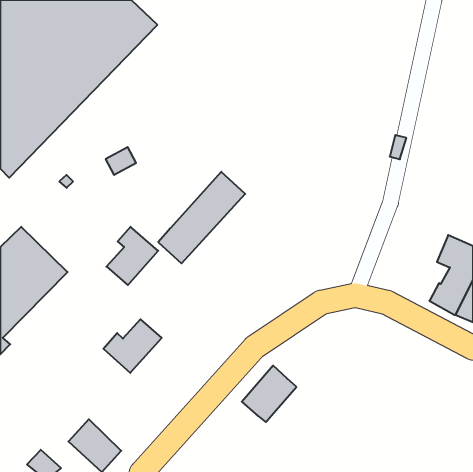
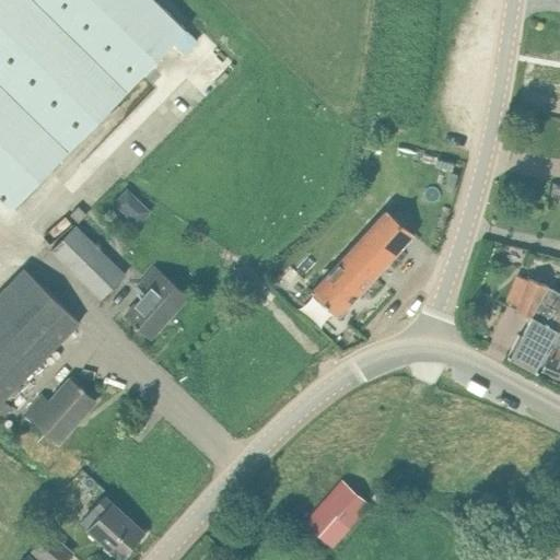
building: [158,172,245,263] -> [312,209,415,317]
building: none -> [51,226,126,301]
building: [103,319,162,373] -> [26,380,95,443]
building: [242,366,296,422] -> [305,480,370,547]

